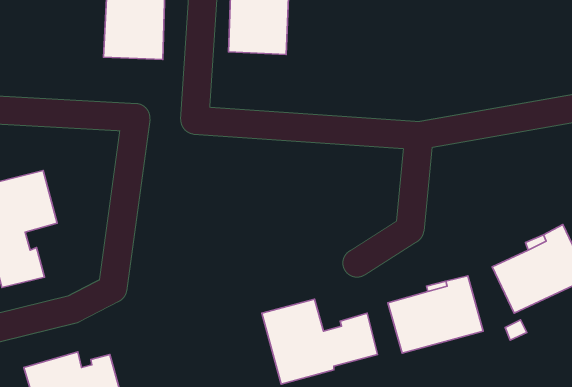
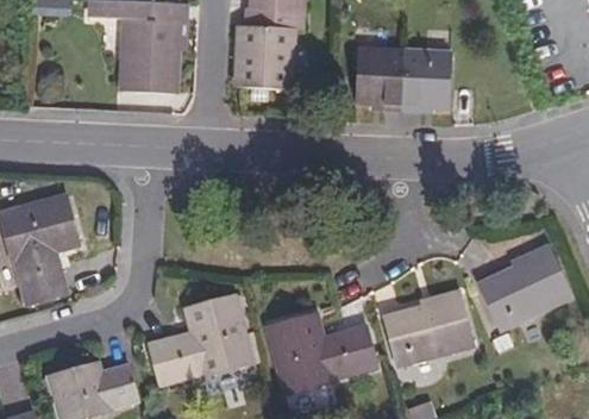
building: none -> [355,48,452,108]
building: none -> [150,295,253,381]

